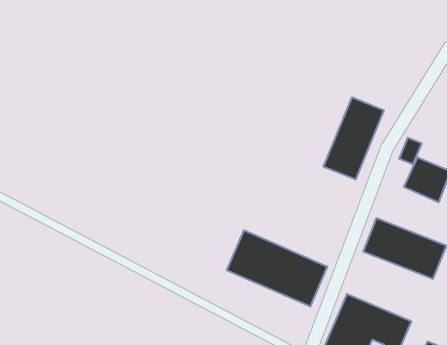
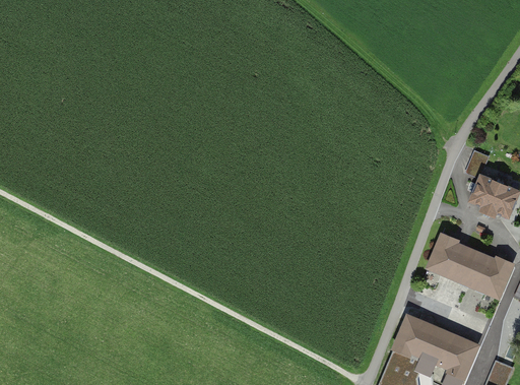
building: [324,97,384,180] -> none
building: [227,230,327,307] -> none

